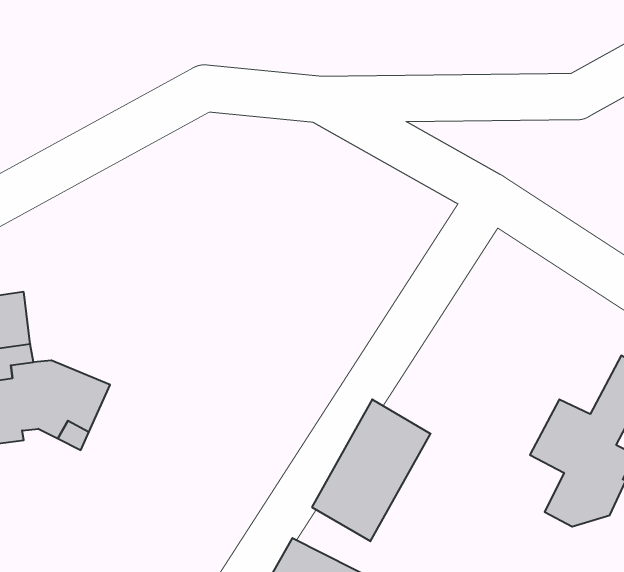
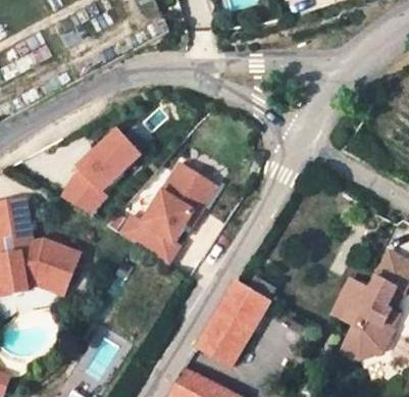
building: none -> [51,136,131,218]
building: none -> [111,169,210,271]

